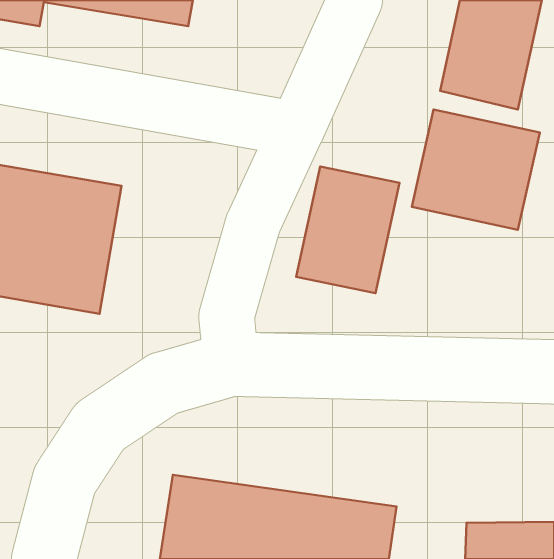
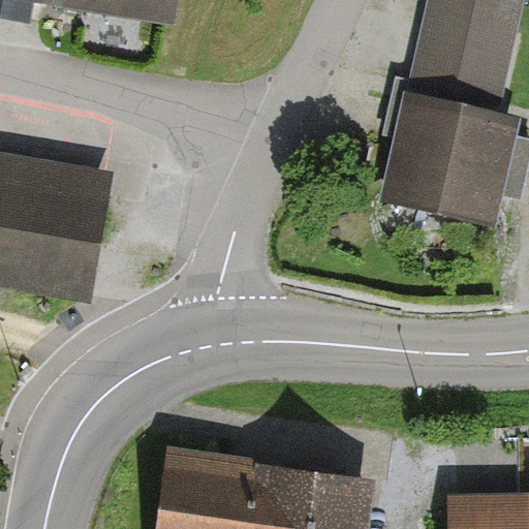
building: [296,167,399,293] -> none

